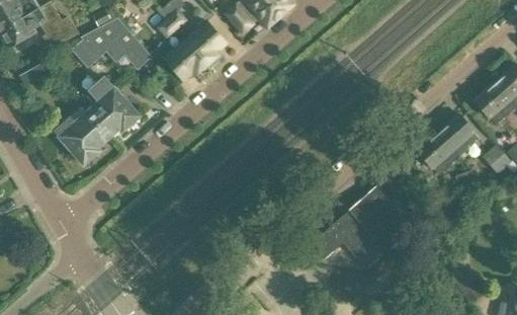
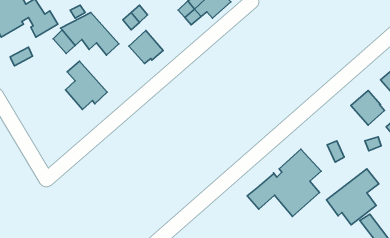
building: [185,22,226,65] -> none
building: [54,113,107,165] -> none
building: [417,133,458,174] -> none
building: none -> [326,169,379,225]

